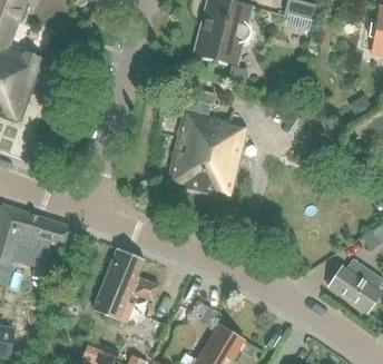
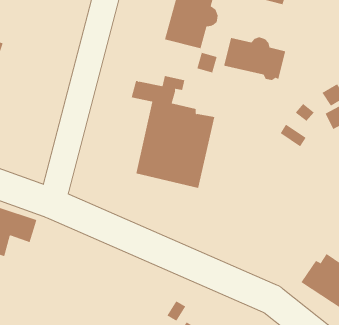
building: none -> [224,37,286,81]
building: [92,247,158,322] -> none

